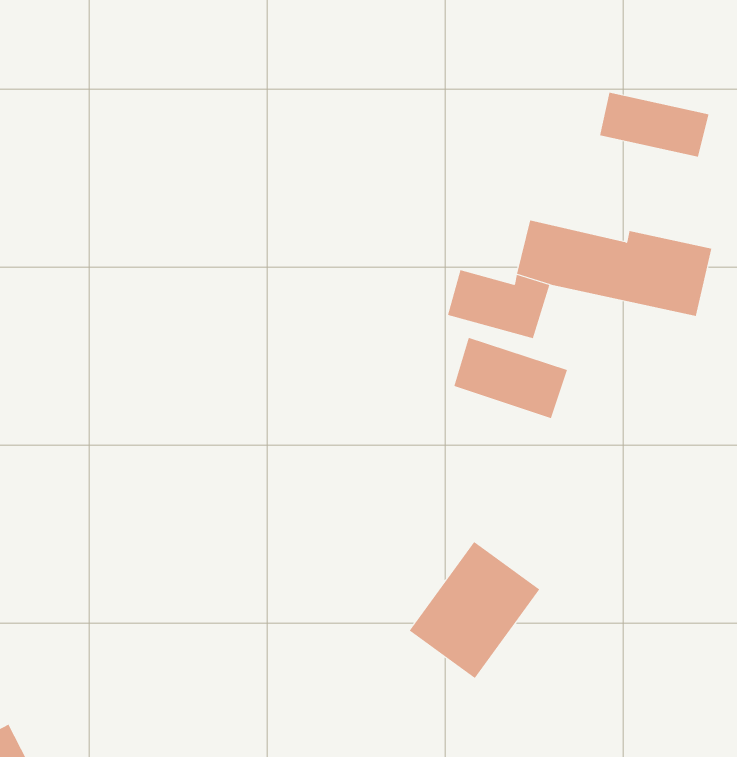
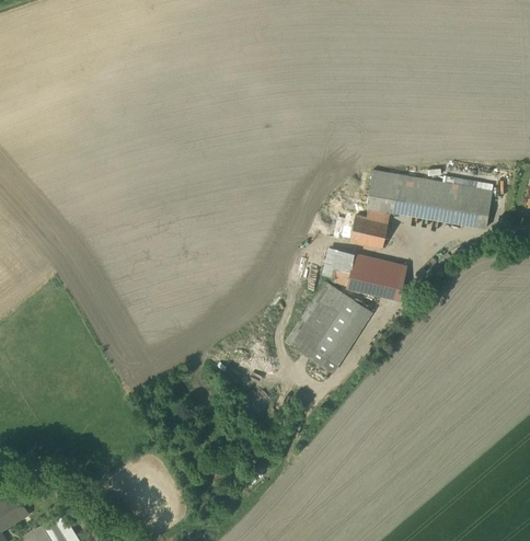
building: [599,92,709,157] -> none
building: [409,541,540,679] -> [289,286,371,373]

